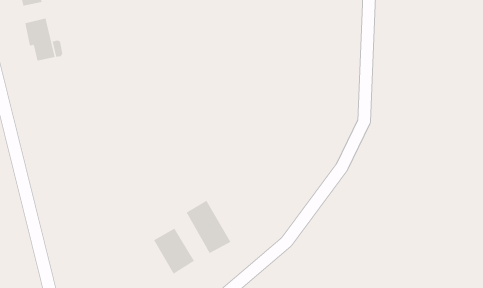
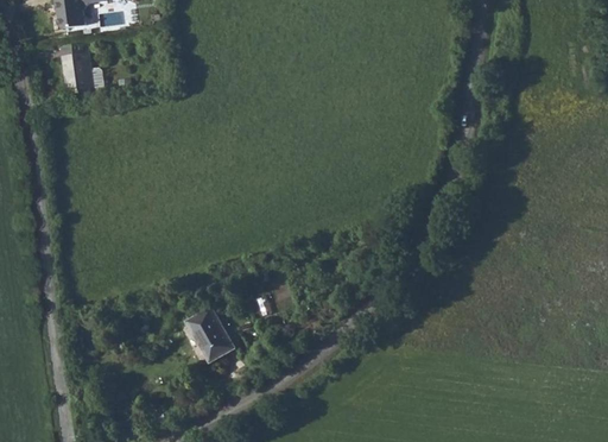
building: [186,200,231,254] -> none

